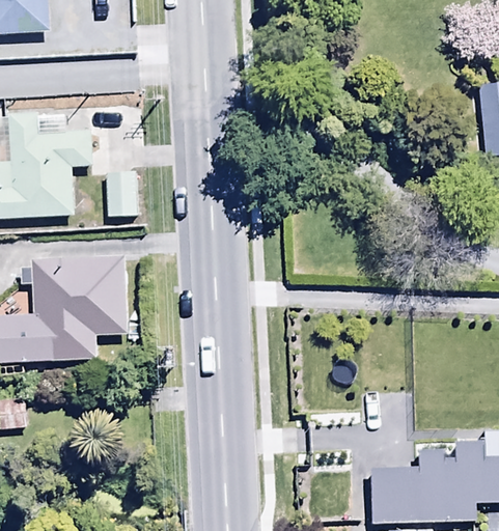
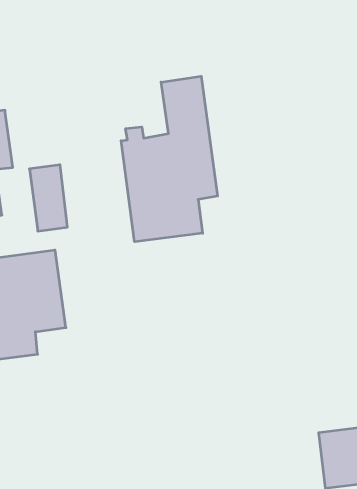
building: none -> [121,76,218,242]

